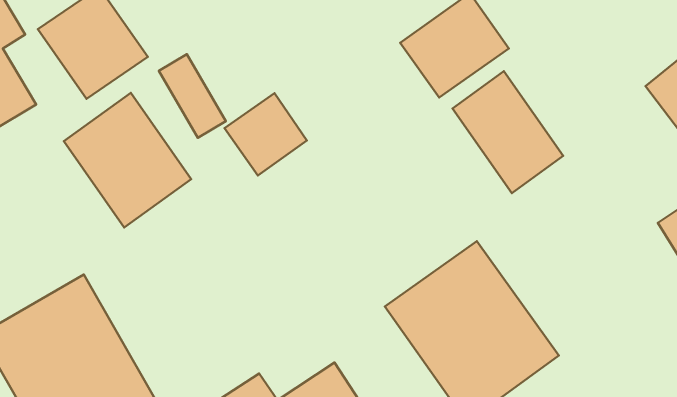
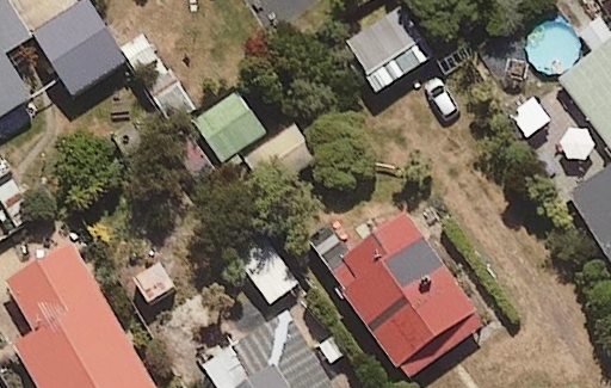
building: [453,71,563,193] -> none
building: [64,93,191,227] -> none

